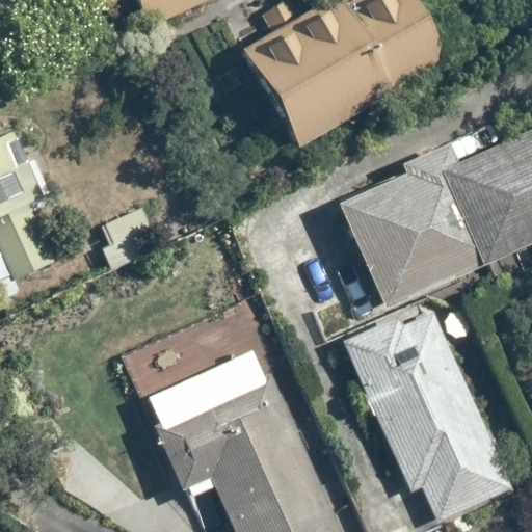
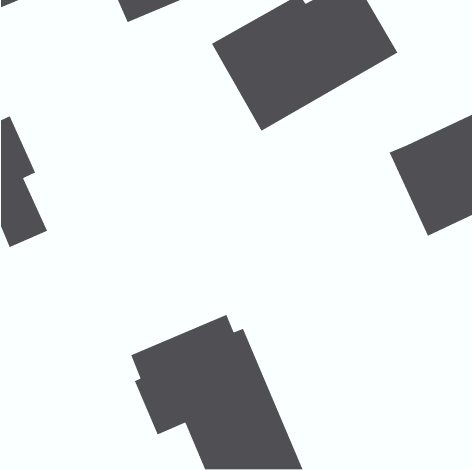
building: [337,141,481,308] -> none
building: [342,309,513,520] -> none

